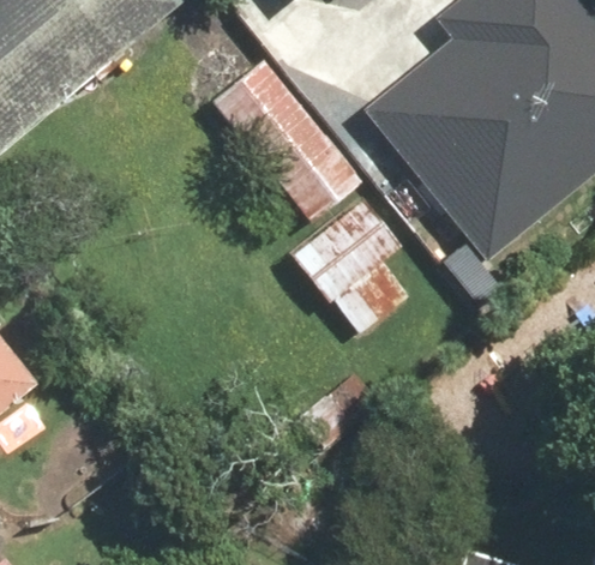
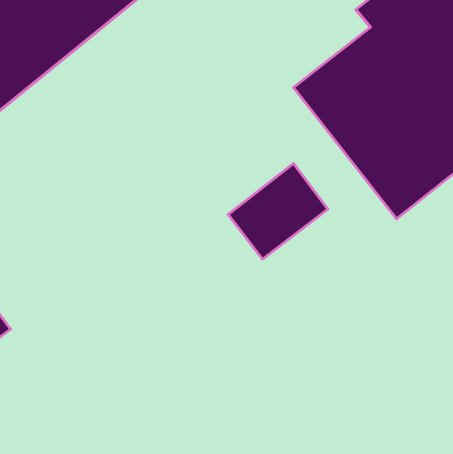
building: [212,60,363,226] -> none

